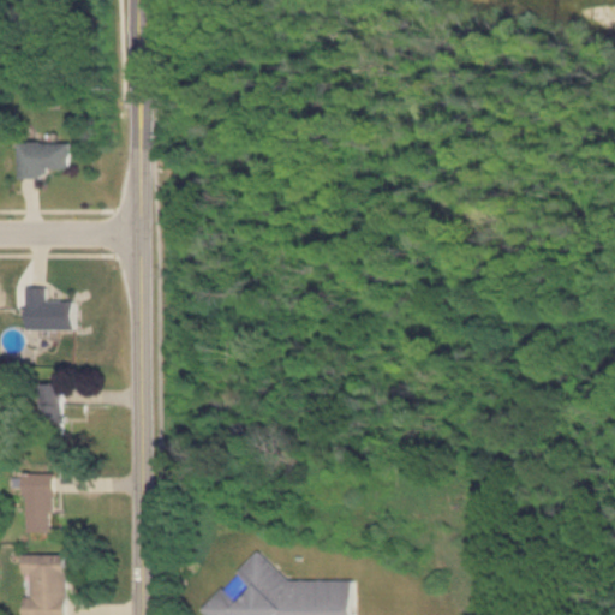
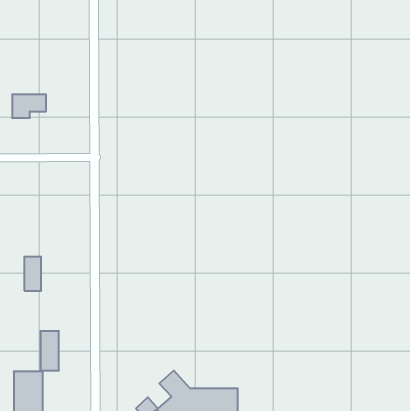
building: [25,289,71,330] -> none
building: [22,474,49,533] -> [40,331,59,371]

